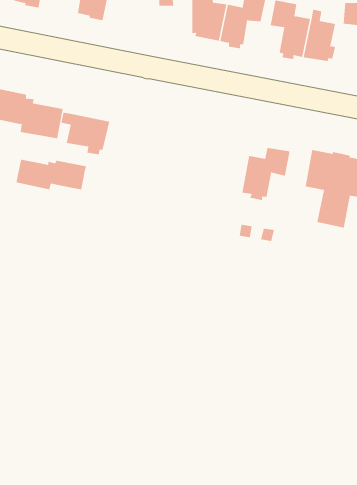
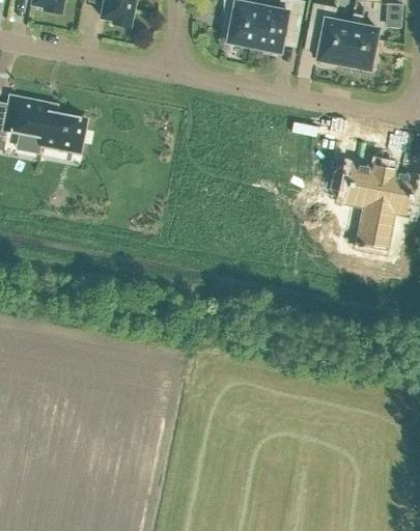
building: [61,112,110,155] -> none
building: [242,147,290,201] -> none
building: [16,159,87,190] -> none

